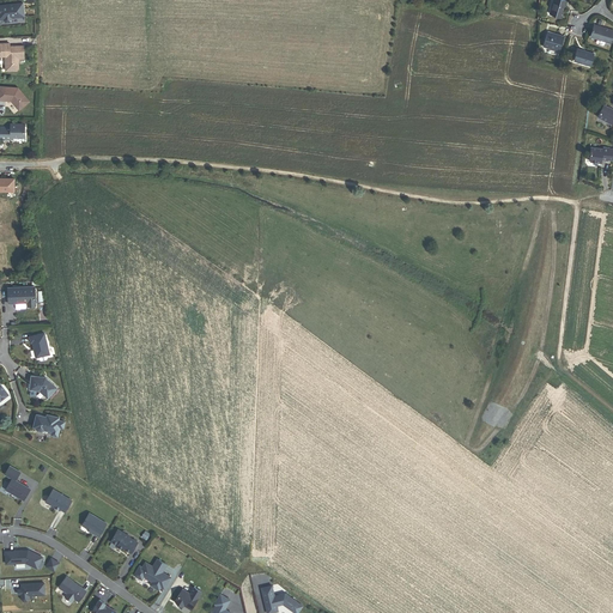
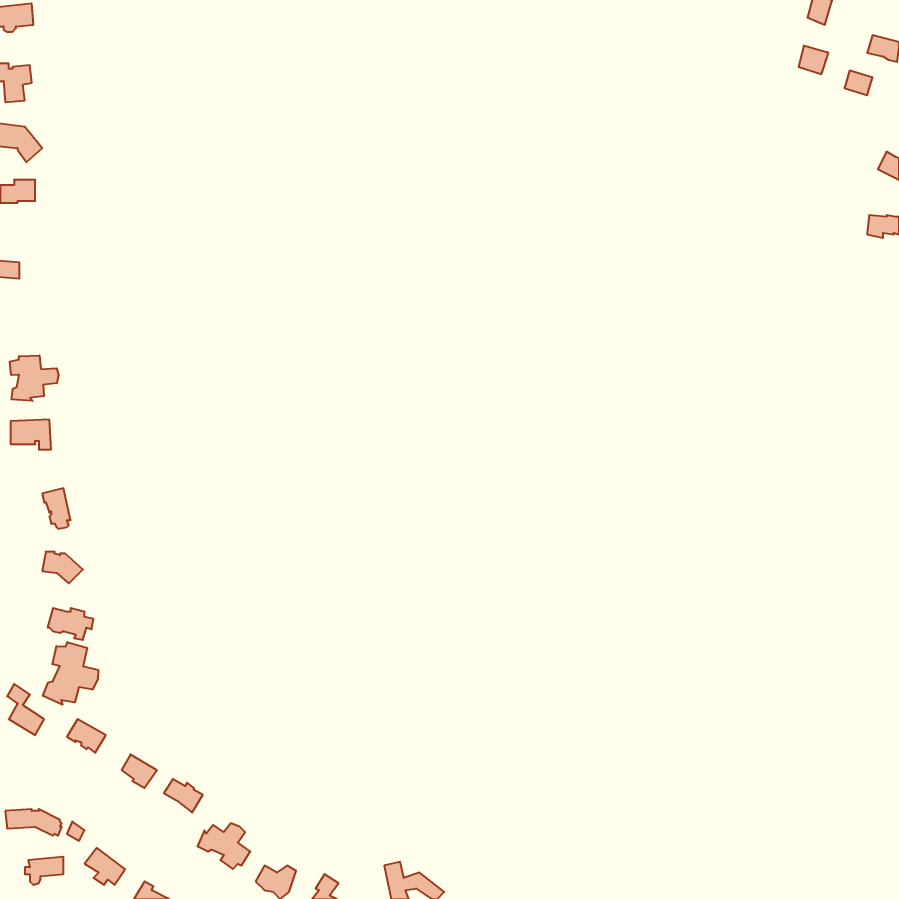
building: none -> [10,355,59,401]
building: none -> [43,642,98,705]

